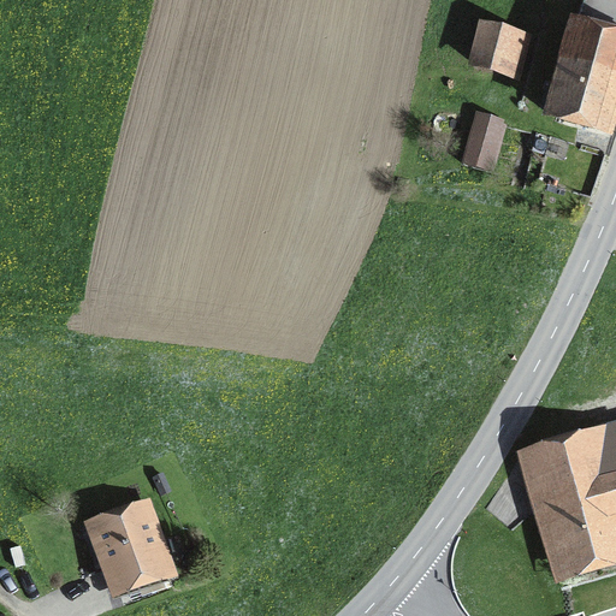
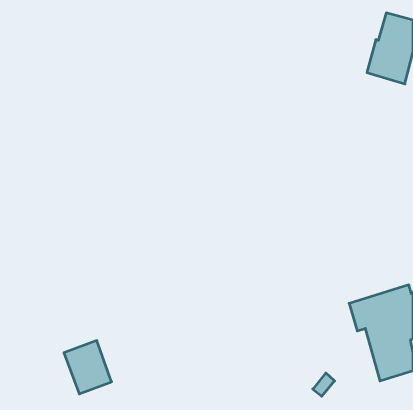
building: [474,26,527,72] -> none
building: [463,114,503,168] -> none

